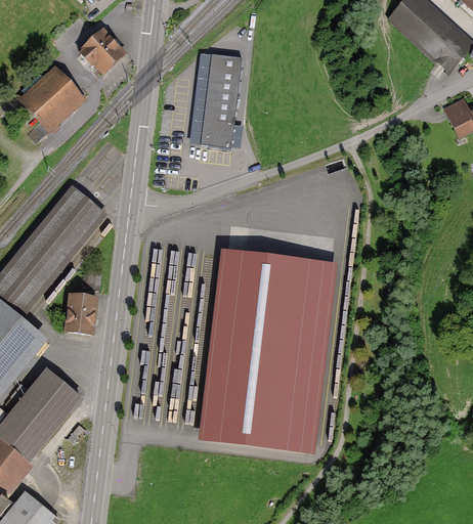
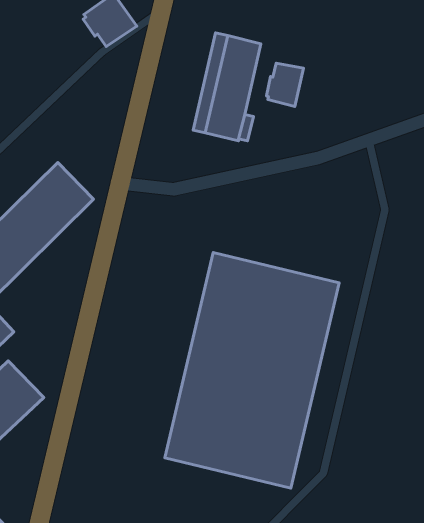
building: [17,64,86,133] -> none
building: none -> [266,63,303,106]
building: [63,293,98,336] -> none

